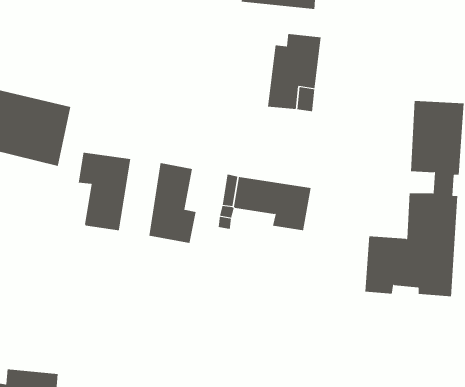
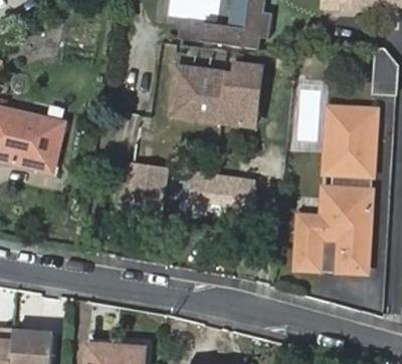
building: none -> [170,65,225,120]
building: [78,152,131,231] -> none

